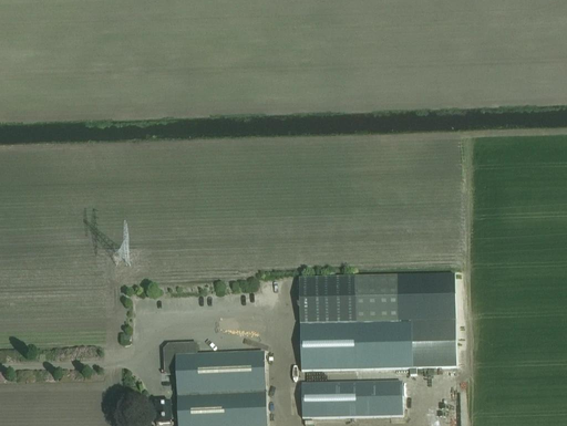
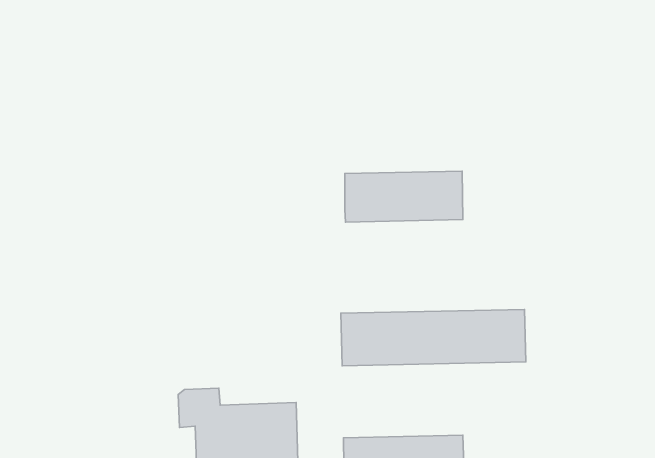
building: none -> [345,171,463,222]
building: [300,320,456,372] -> none

